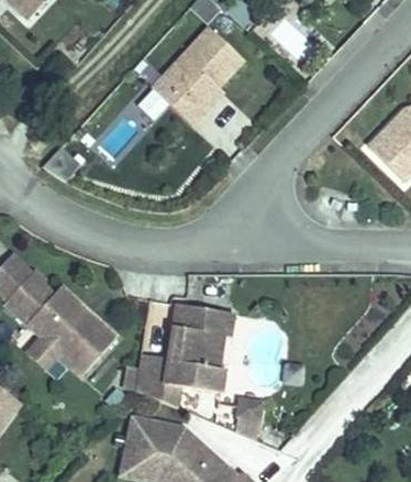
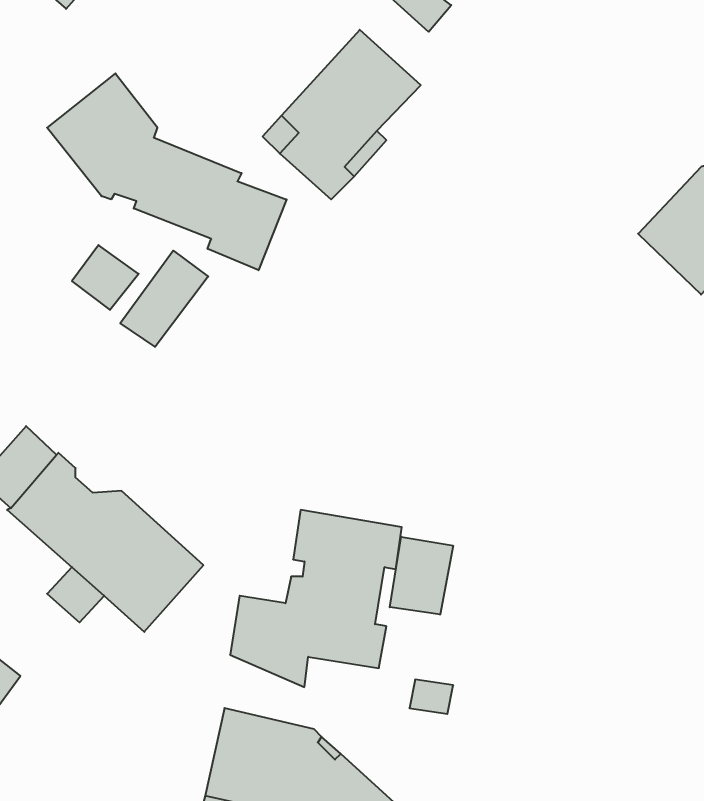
building: none -> [47,73,287,270]
building: none -> [120,251,208,347]
building: none -> [390,537,453,615]

